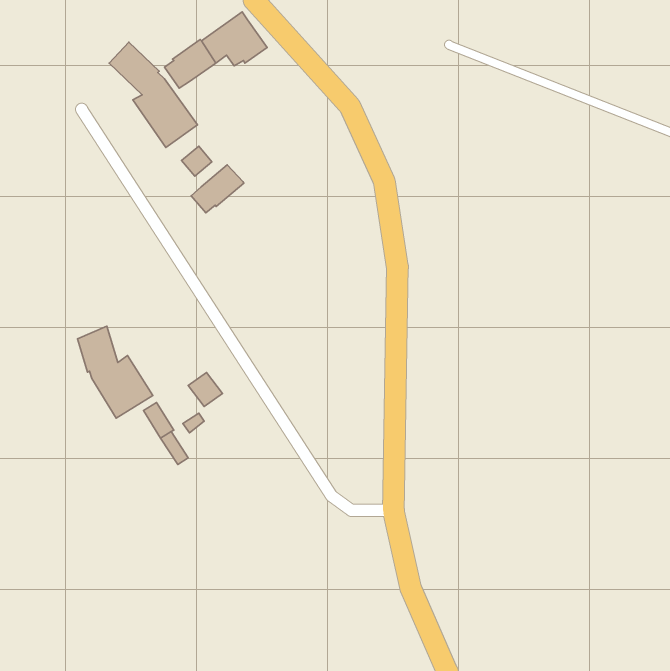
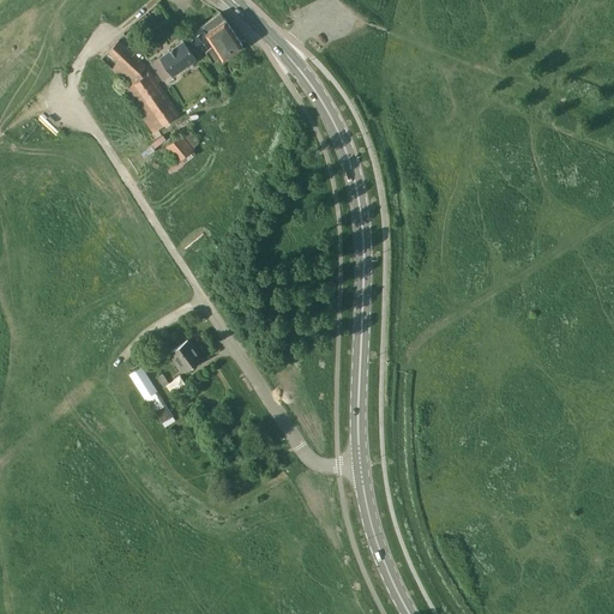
building: [191,165,244,213] -> none
building: [78,326,153,418] -> none

